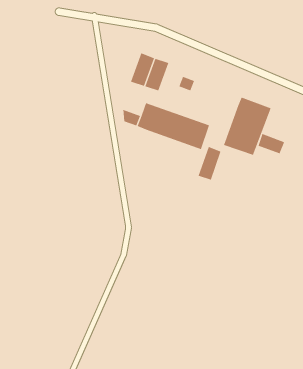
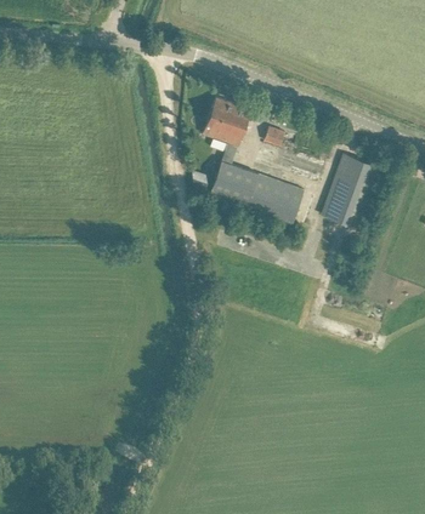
building: [258,133,285,154] -> none
building: [198,146,221,180] -> none

